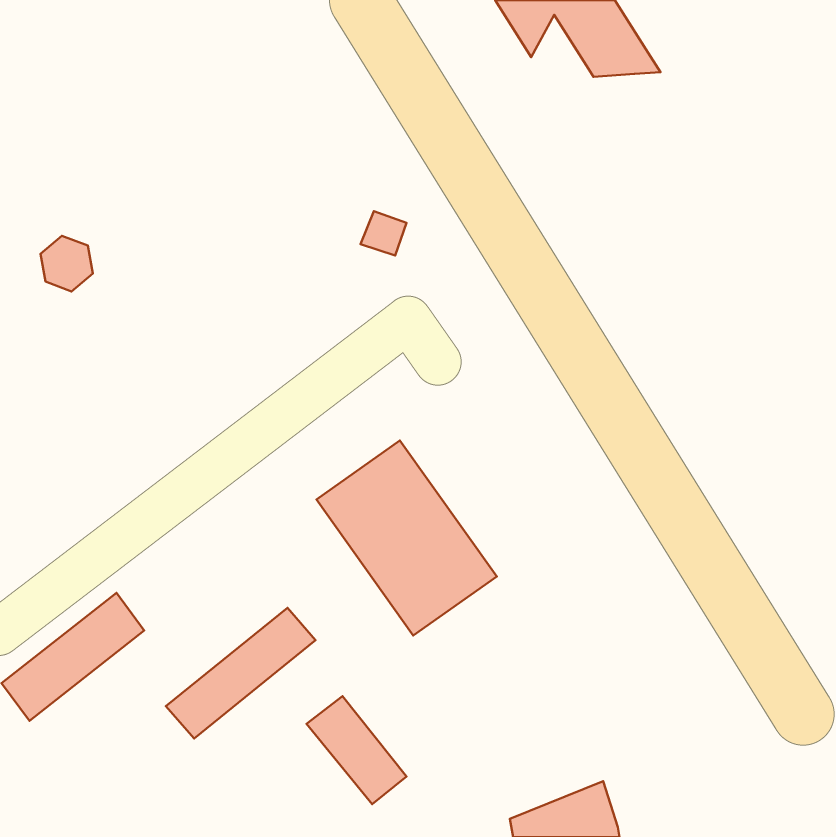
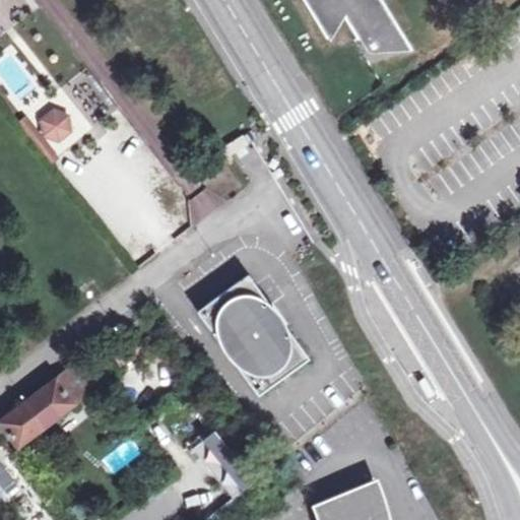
building: [40,236,93,291] -> [39,107,71,141]
building: [166,608,316,738] -> none

